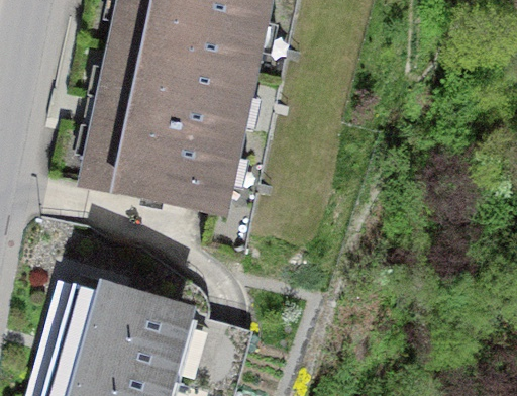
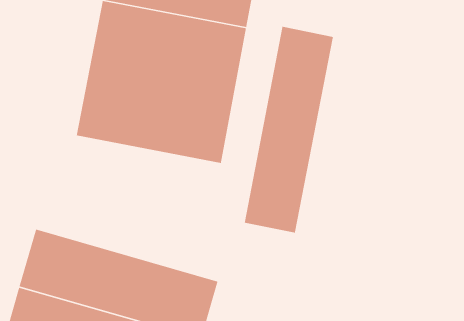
building: none -> [244,26,334,234]

